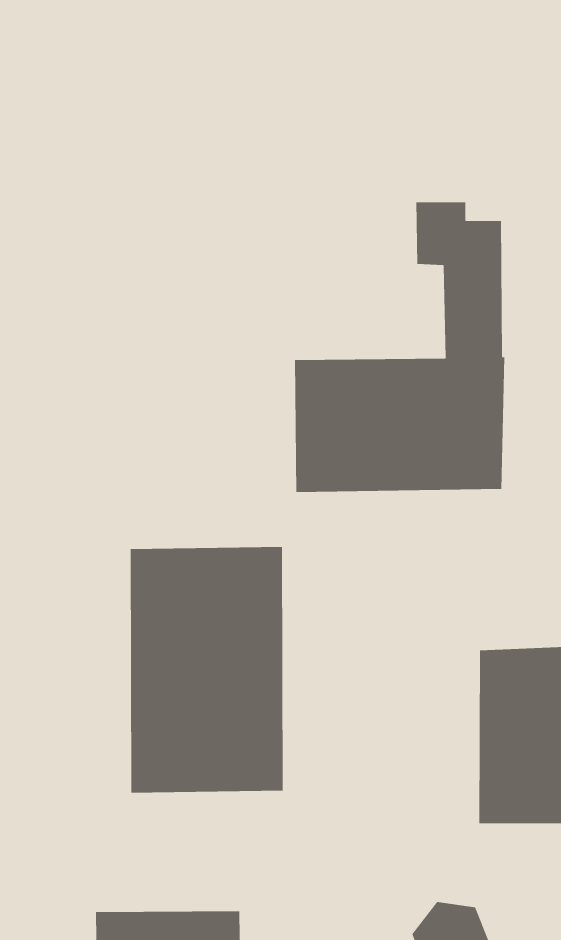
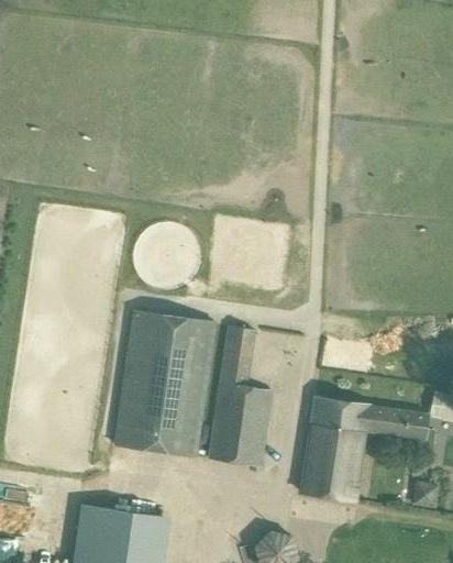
building: [294,202,505,493] -> none
building: none -> [210,329,272,468]

